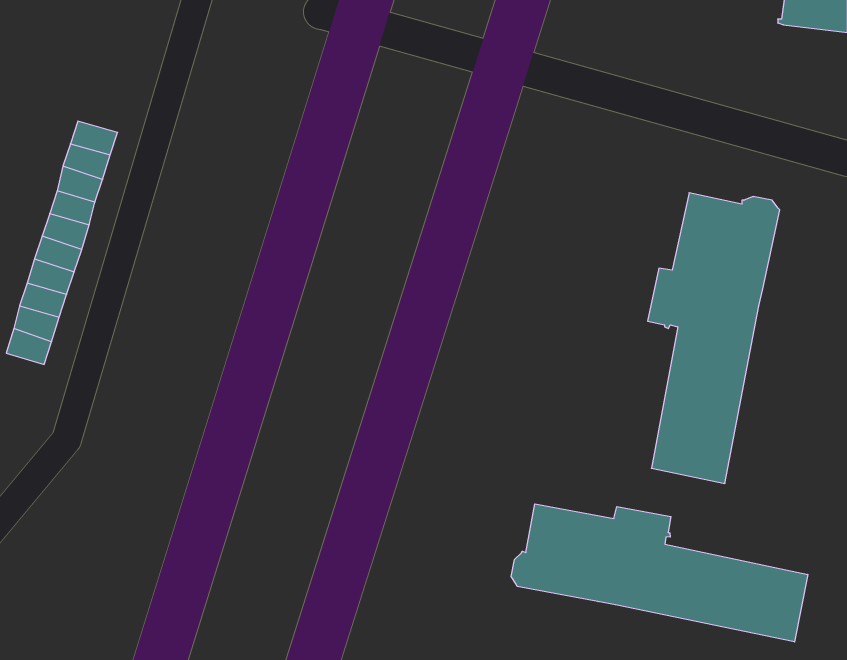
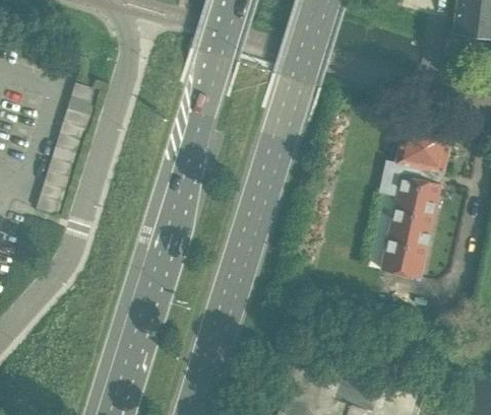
building: [511,504,808,642] -> none

